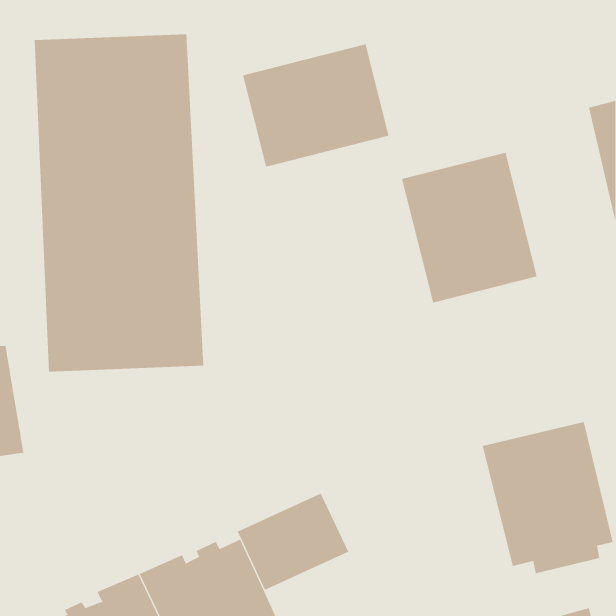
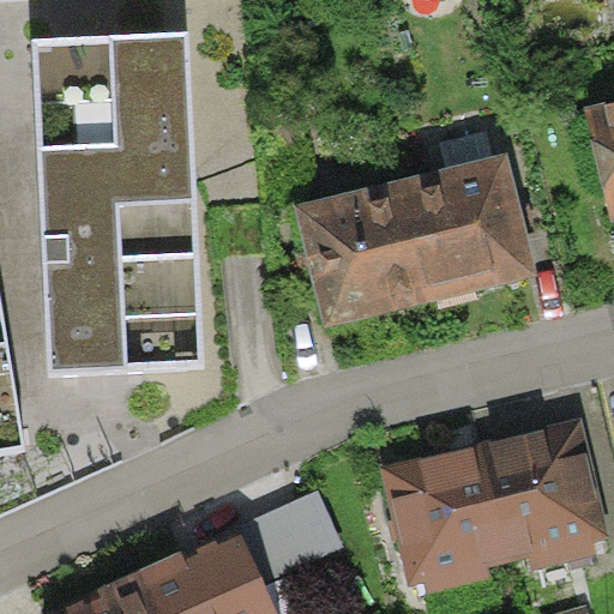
building: [242,44,389,167] -> none
building: none -> [291,179,429,329]
building: none -> [379,444,508,594]

